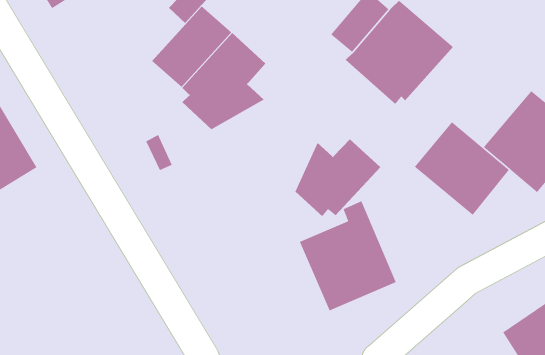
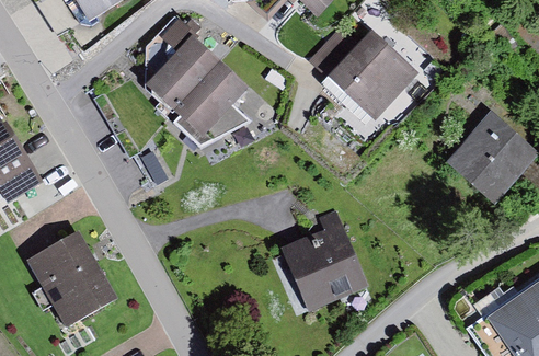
building: [414,121,510,216] -> none
building: [295,139,381,217] -> none
building: none -> [28,230,117,326]

